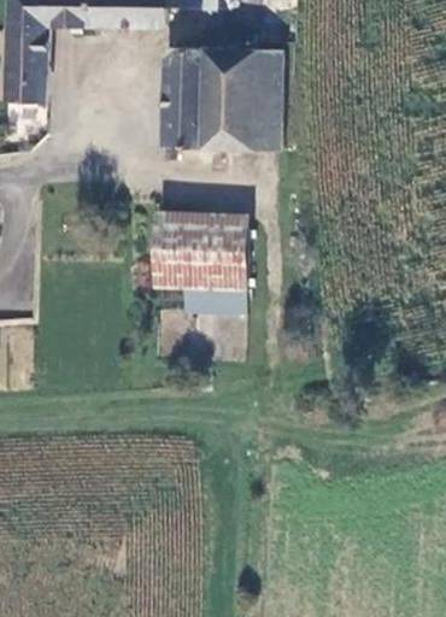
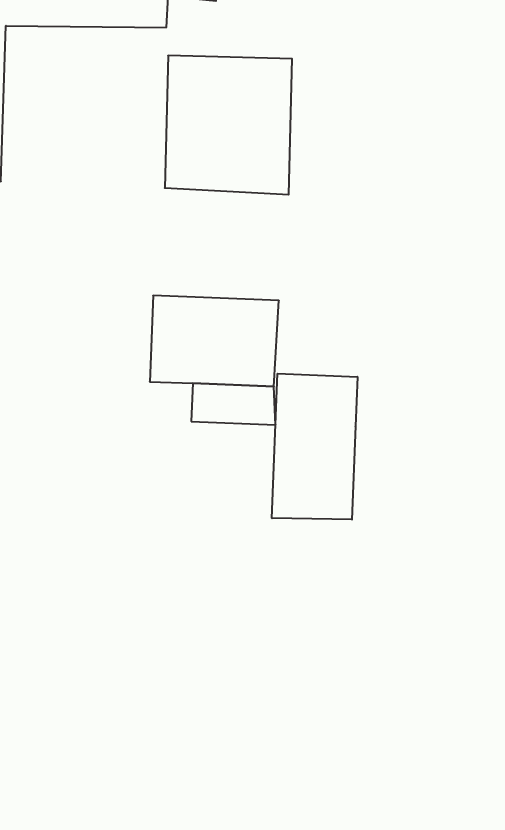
building: [254,47,283,146] -> none
building: none -> [272,374,357,520]

